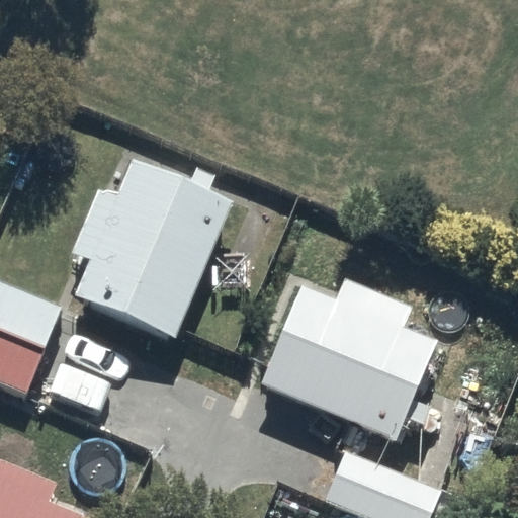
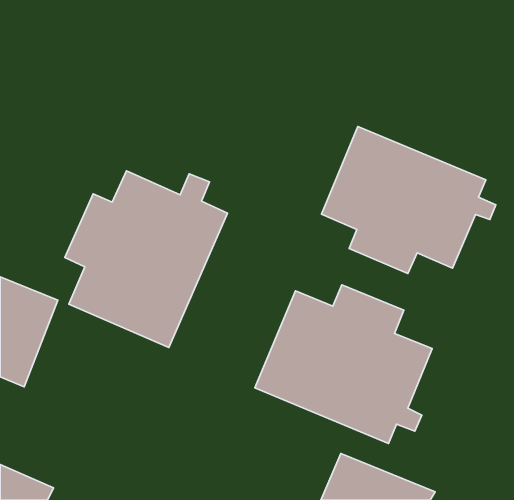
building: none -> [321,127,496,273]

